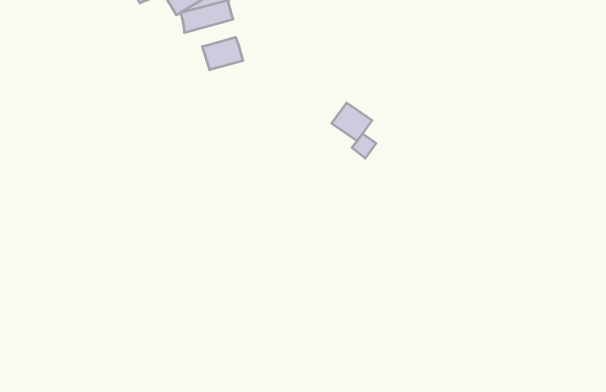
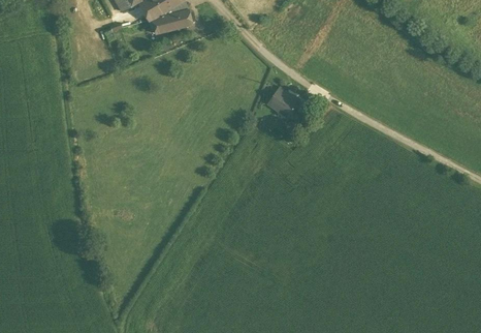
building: [202,37,243,70] -> none

